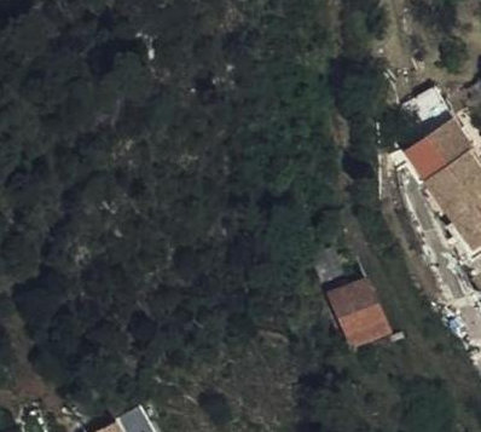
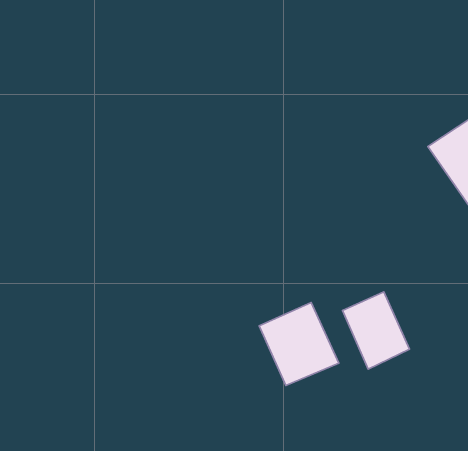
building: none -> [259,303,339,385]

